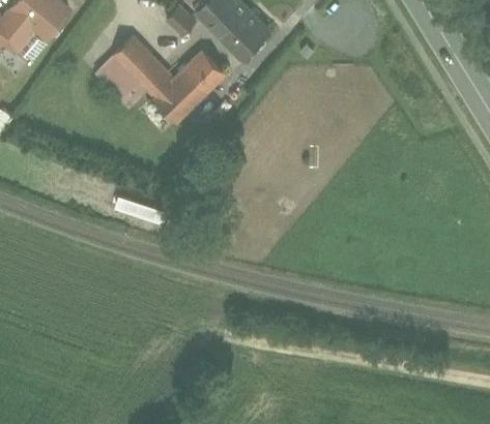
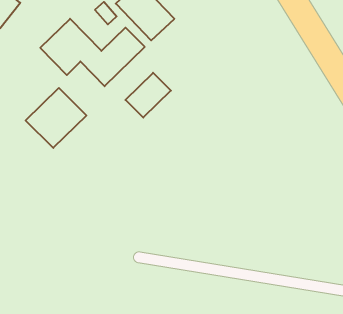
building: none -> [125,73,171,118]
building: none -> [26,88,86,148]

